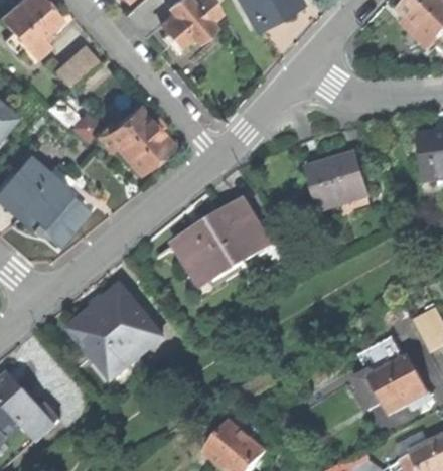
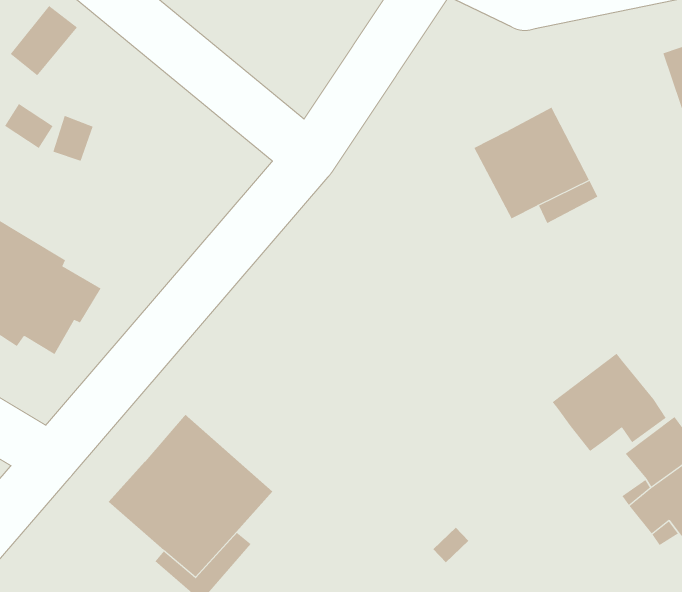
building: [97,107,172,172] -> none
building: [175,202,269,292] -> none
building: none -> [552,353,667,452]

